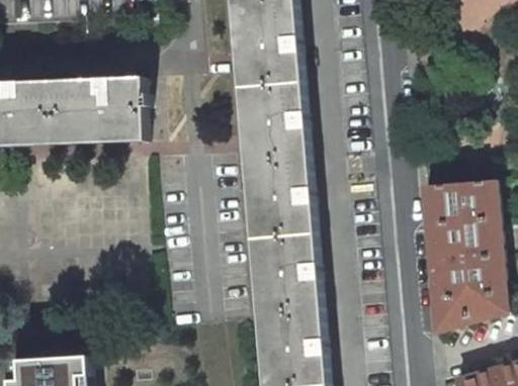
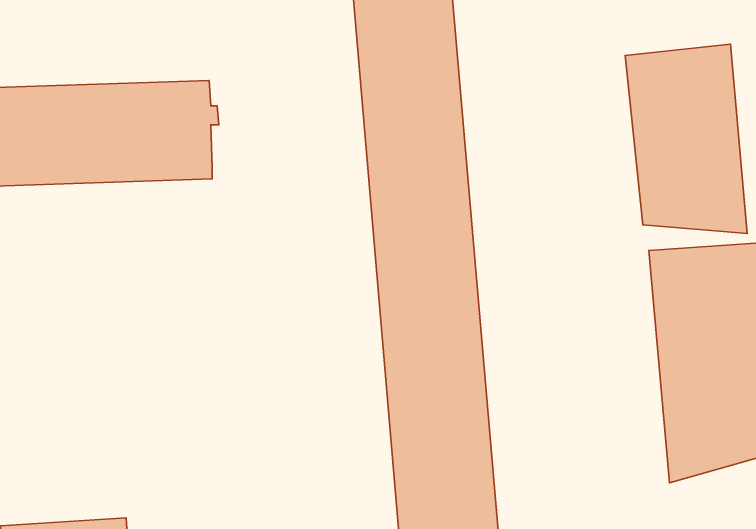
building: none -> [625,44,747,233]

